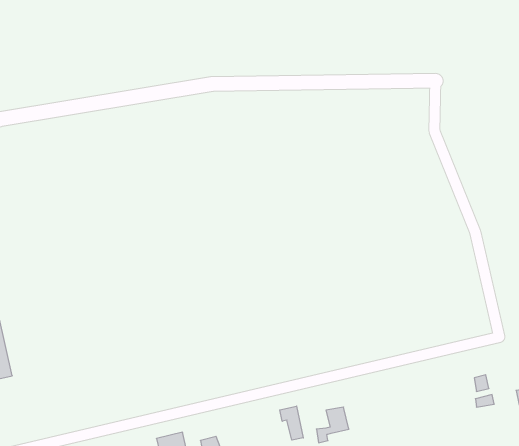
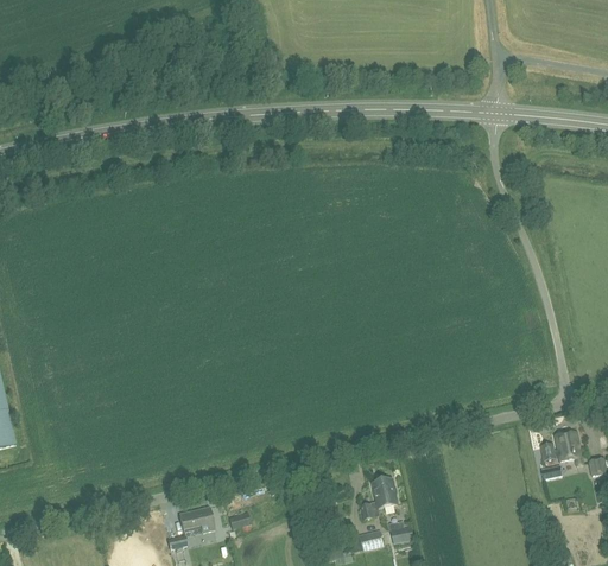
building: none -> [553,431,583,465]
building: [280,406,303,440] -> none

